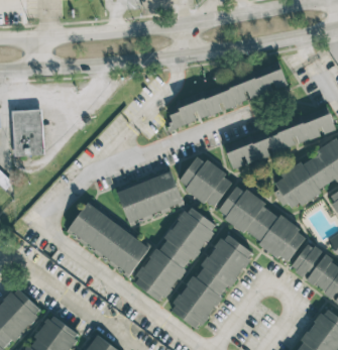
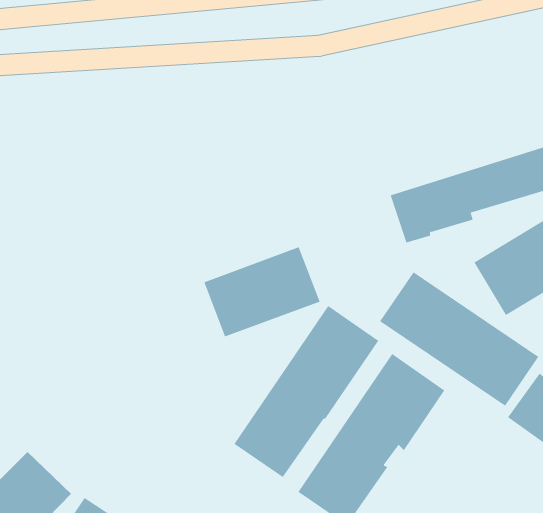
building: [163,64,287,129] -> none
building: [11,109,43,156] -> none
building: [178,155,233,209] -> none
building: [66,203,149,276] -> none

